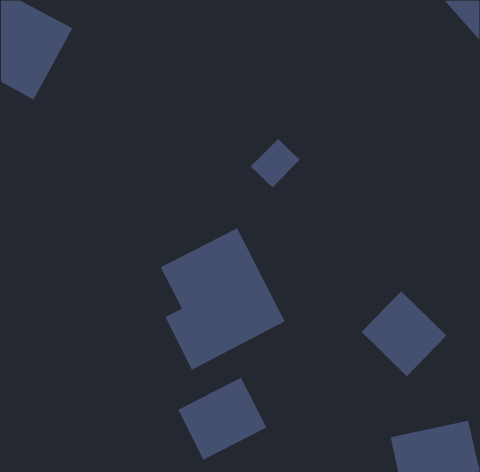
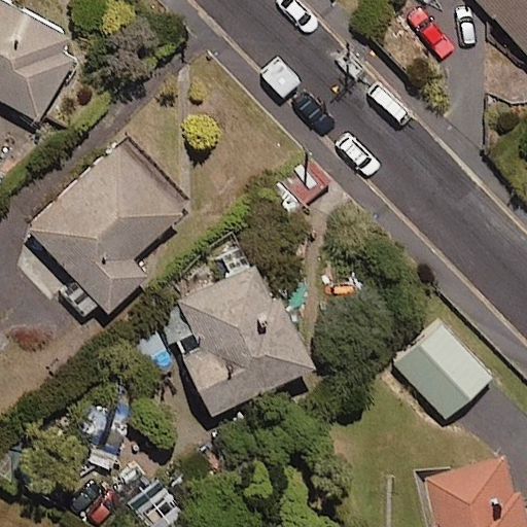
building: none -> [29,143,182,312]
building: [177,377,267,461] -> none

